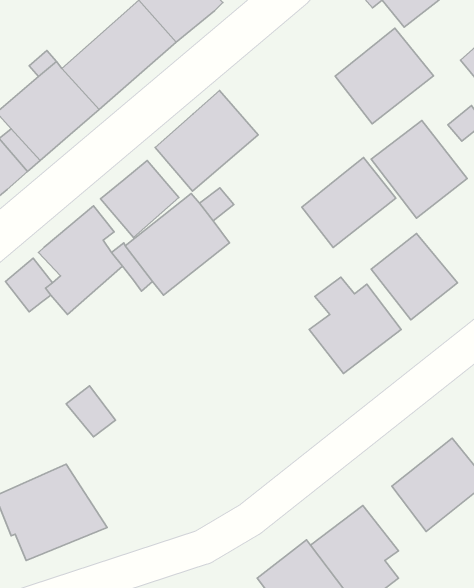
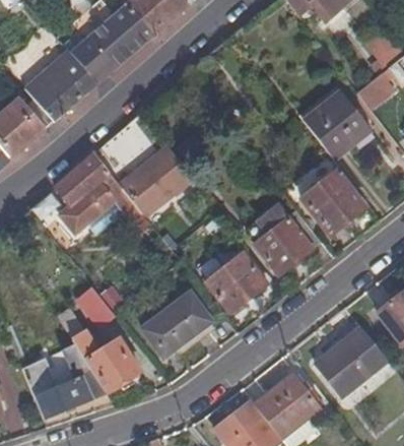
building: [335,28,433,124] -> none
building: [155,91,258,191] -> none
building: [302,158,396,247] -> none
building: none -> [205,253,268,314]
building: none -> [141,292,212,358]
building: none -> [72,331,141,393]

